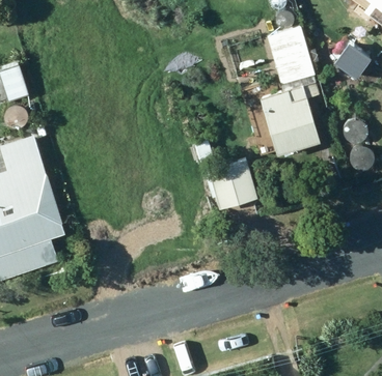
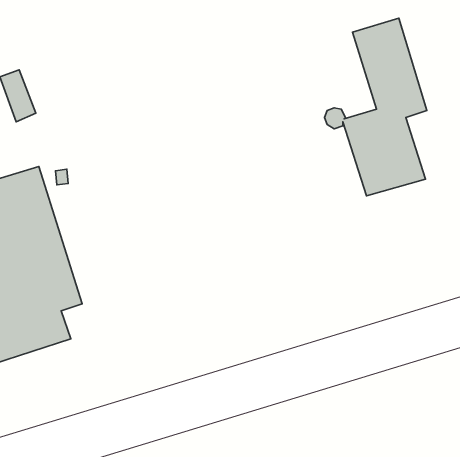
building: [208,160,258,211] -> none

